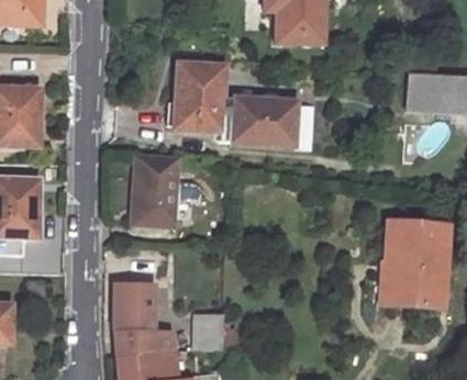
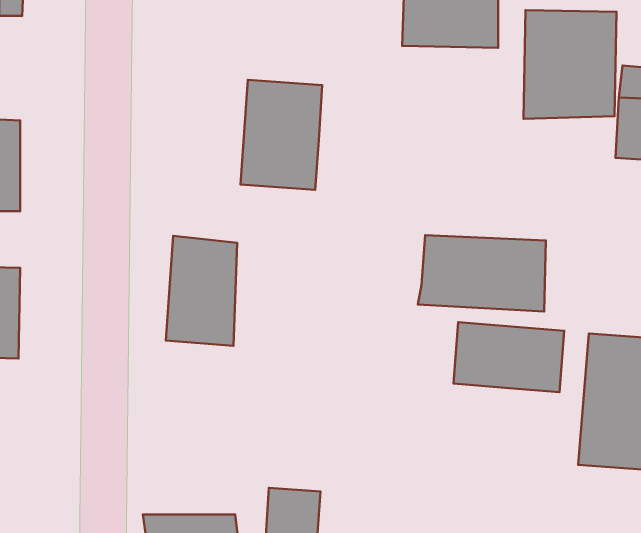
building: none -> [523,10,616,119]
building: [219,100,298,147] -> [418,235,546,311]
building: none -> [453,322,564,392]
building: [114,284,155,332] -> none

